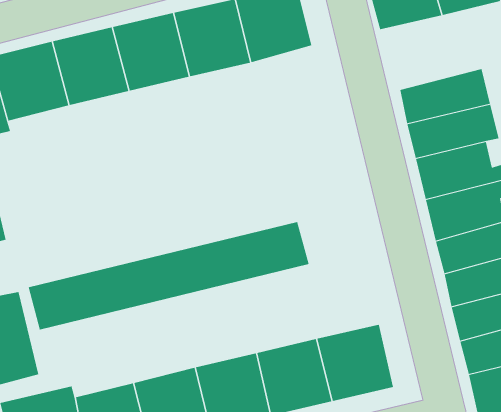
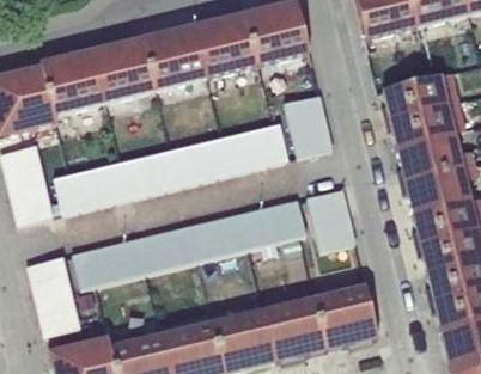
building: none -> [285,93,334,155]
building: none -> [55,122,291,215]
building: none -> [308,188,357,250]

